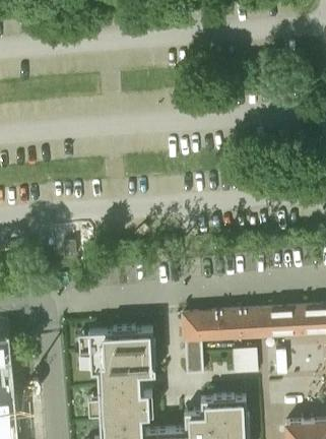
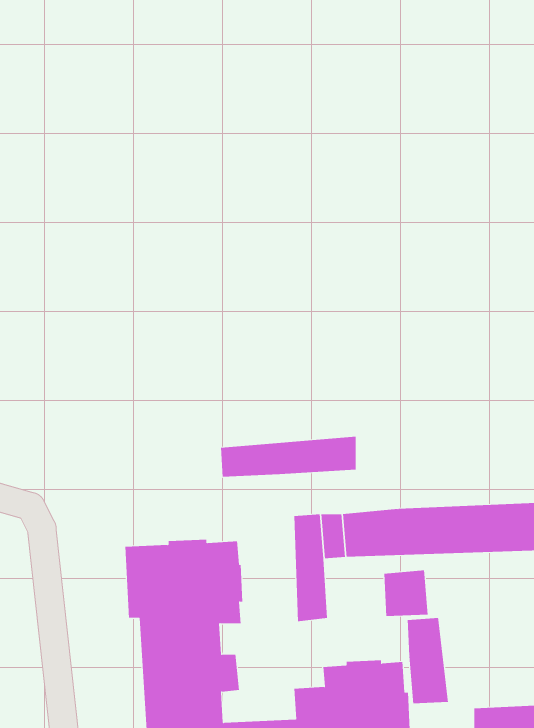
building: none -> [220,436,356,477]
building: none -> [407,617,449,704]

